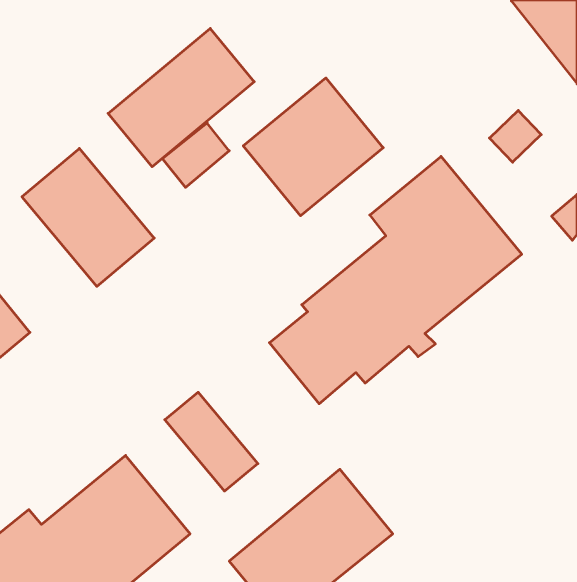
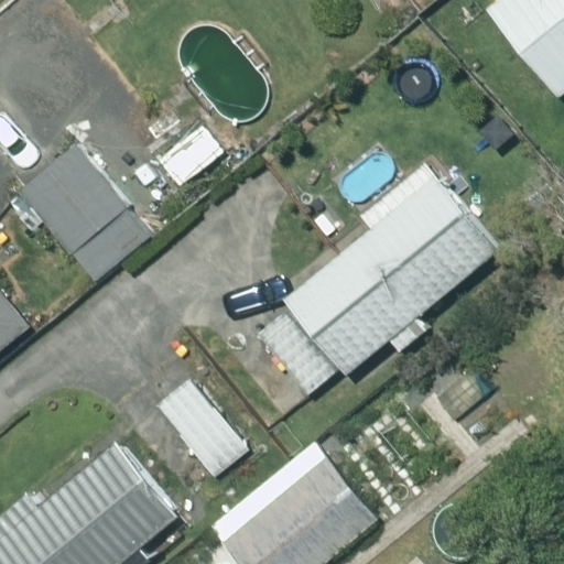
building: [108,28,254,167] -> none
building: [243,78,383,216] -> none

